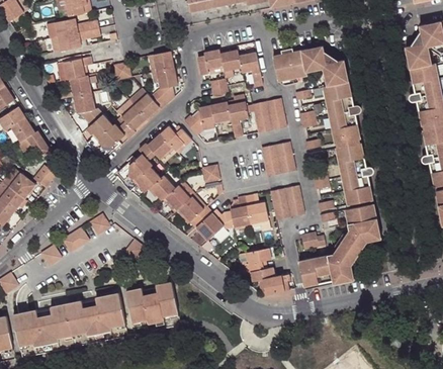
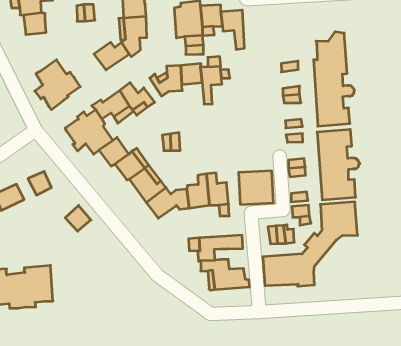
building: [273,44,325,81] -> none
building: [72,93,101,126] -> none
building: [253,98,286,132] -> none
building: [118,106,145,139] -> none
building: [261,143,294,175] -> none
building: [346,232,381,279] -> none
building: [126,282,179,321] -> none

